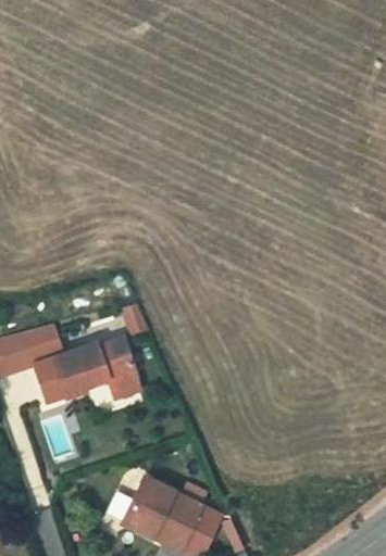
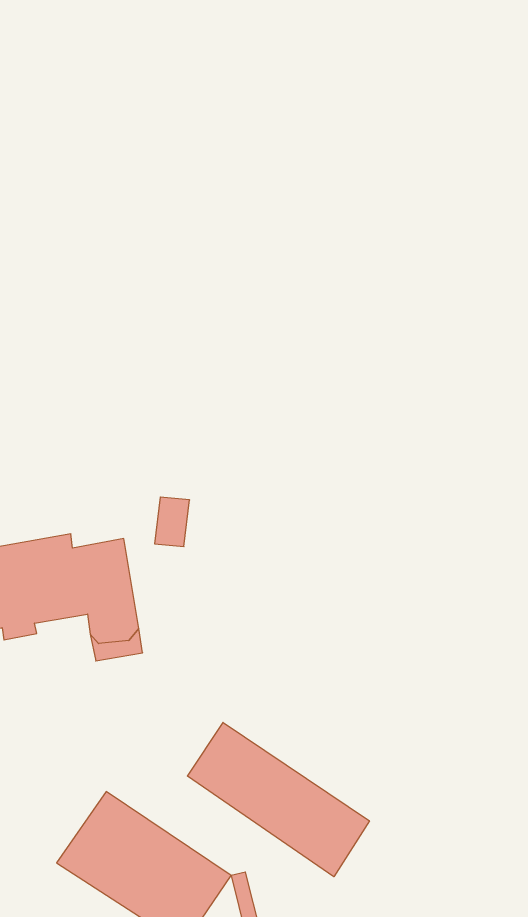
building: none -> [187,722,369,877]

